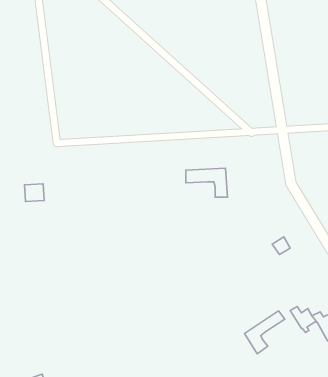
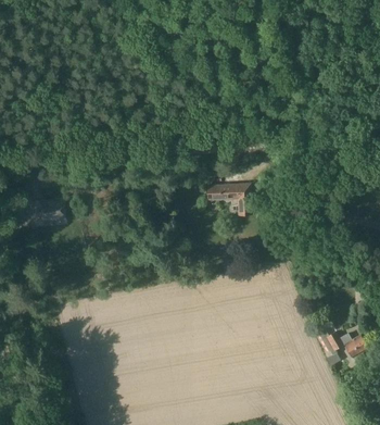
building: [244,311,285,354] -> none

